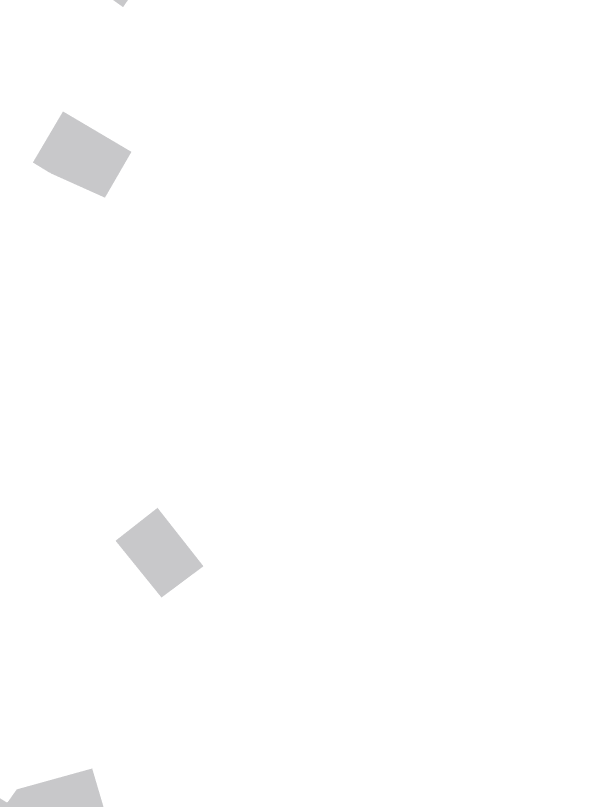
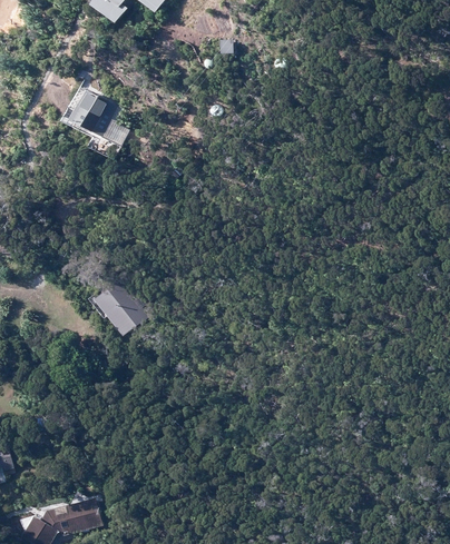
building: [115,507,204,598] -> [89,279,145,336]

